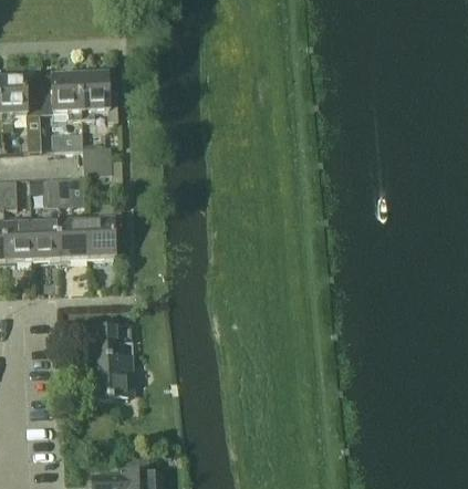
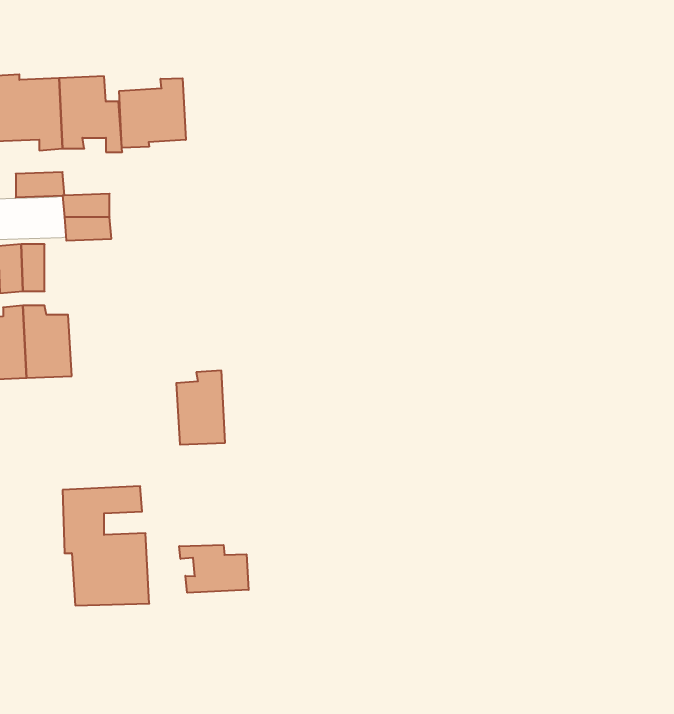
building: none -> [119,78,186,148]
building: [84,211,114,257] -> [176,371,225,445]
building: none -> [179,545,249,593]

